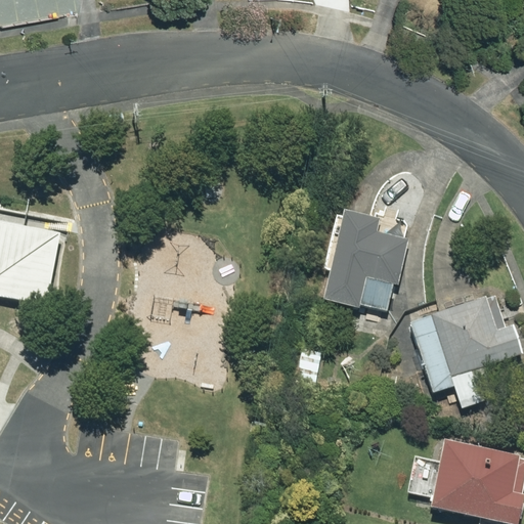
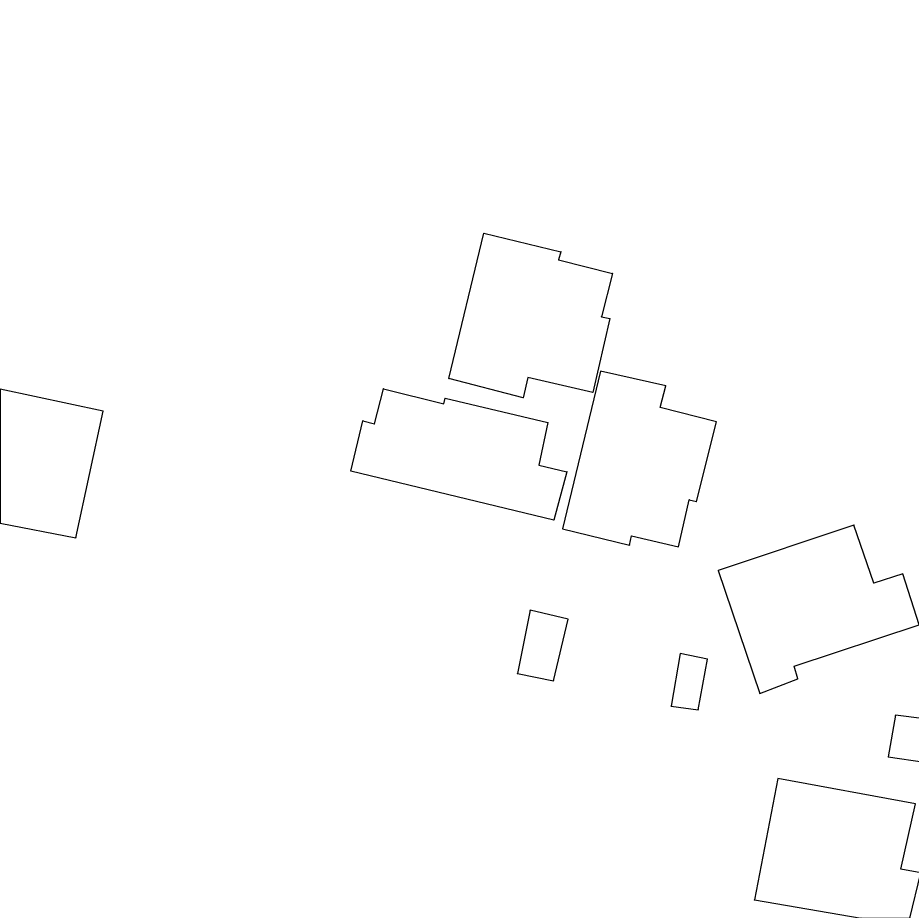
building: none -> [449,233,612,398]
building: none -> [351,389,567,520]

